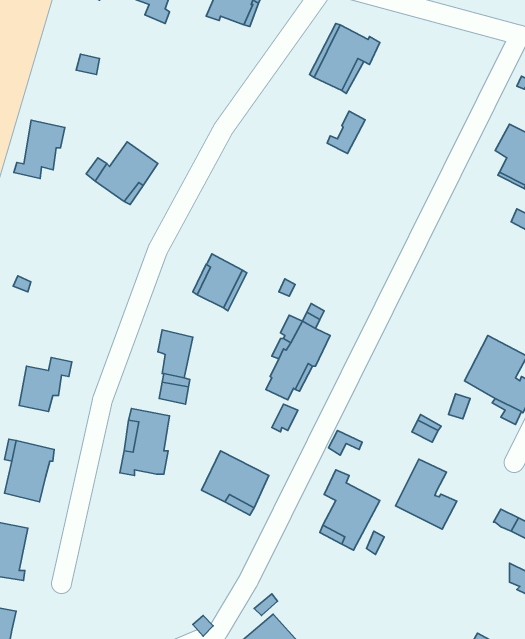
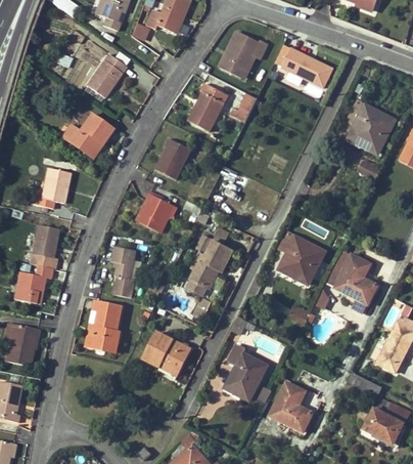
building: none -> [270,44,333,96]
building: none -> [87,53,127,98]
building: none -> [189,83,228,131]
building: [14,120,65,178] -> [35,168,71,209]
building: none -> [155,138,191,179]
building: none -> [31,224,59,268]
building: none -> [280,233,325,284]
building: [395,459,457,529] -> [271,382,314,431]

